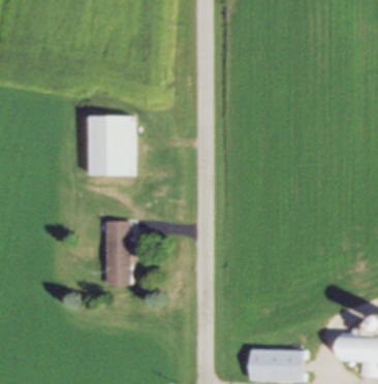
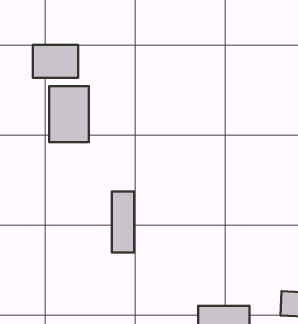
building: none -> [33,45,78,78]
building: [106,221,130,286] -> [112,191,134,252]

